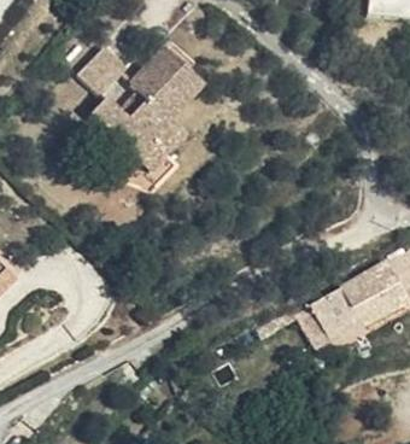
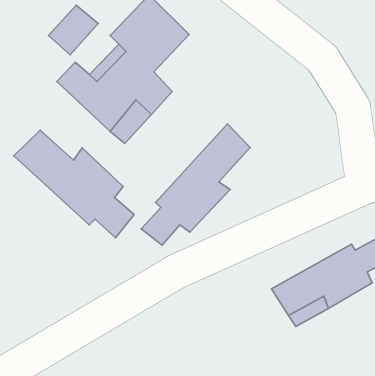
building: none -> [141,124,250,245]
building: none -> [14,130,134,238]

